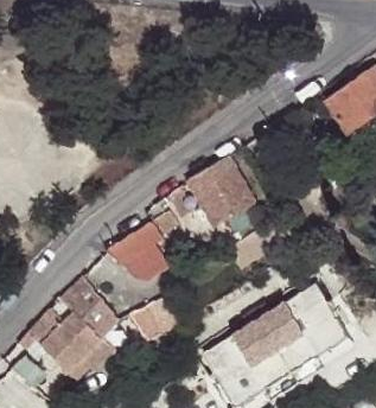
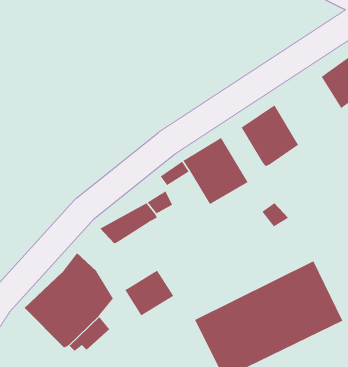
building: none -> [241,104,299,167]
building: [121,244,171,289] -> none

